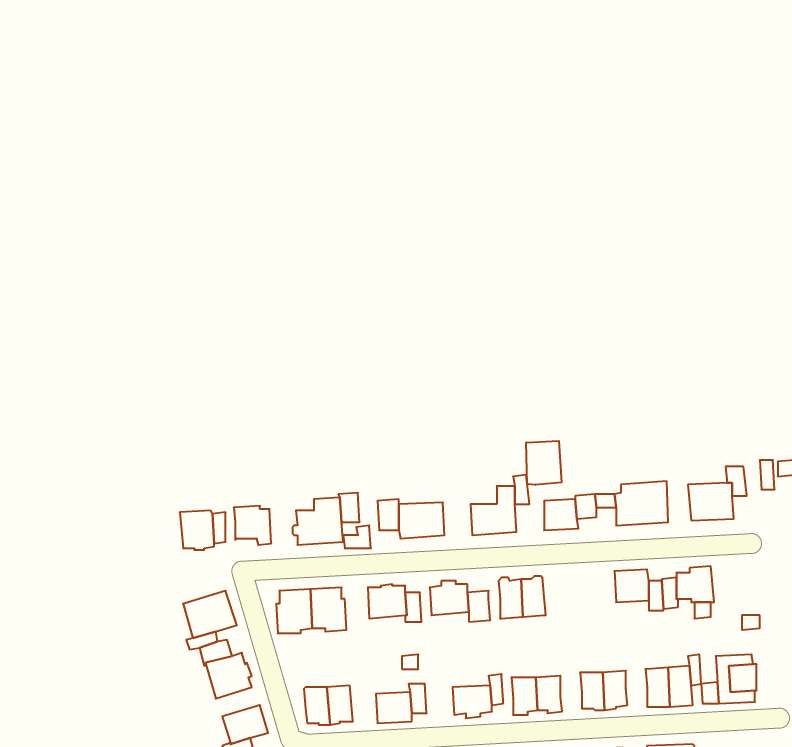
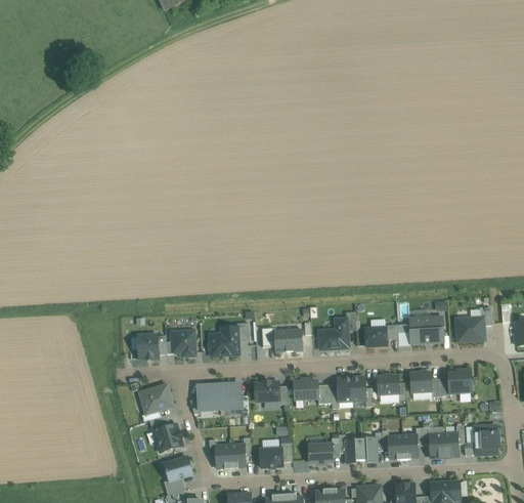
building: [526,441,561,485] -> none
building: none -> [378,373,399,394]

